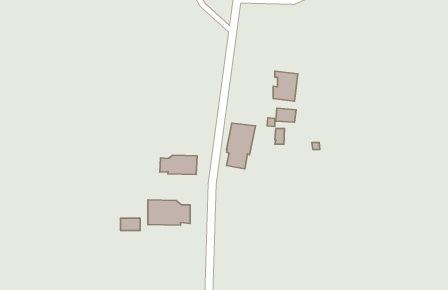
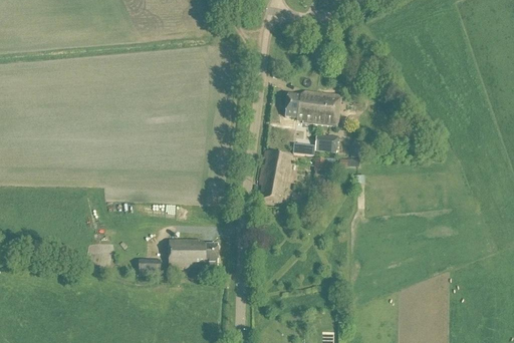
building: none -> [285,90,318,122]
building: [160,155,197,175] -> none

